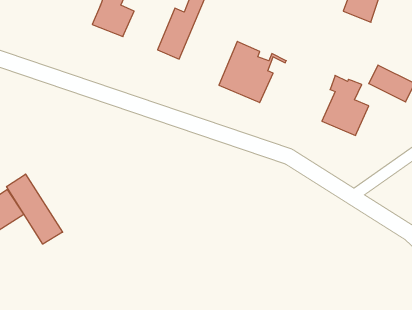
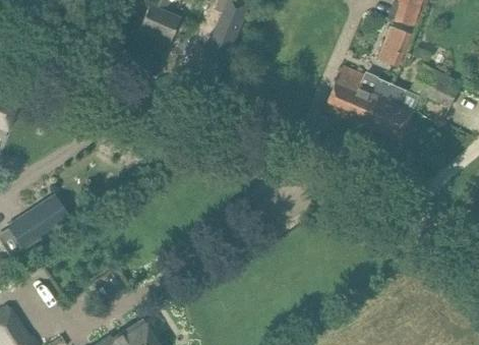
building: none -> [377,25,412,67]
building: [219,41,286,103] -> [325,65,393,126]
building: [7,174,63,244] -> none

